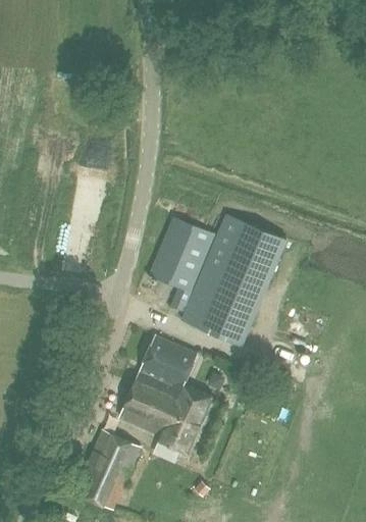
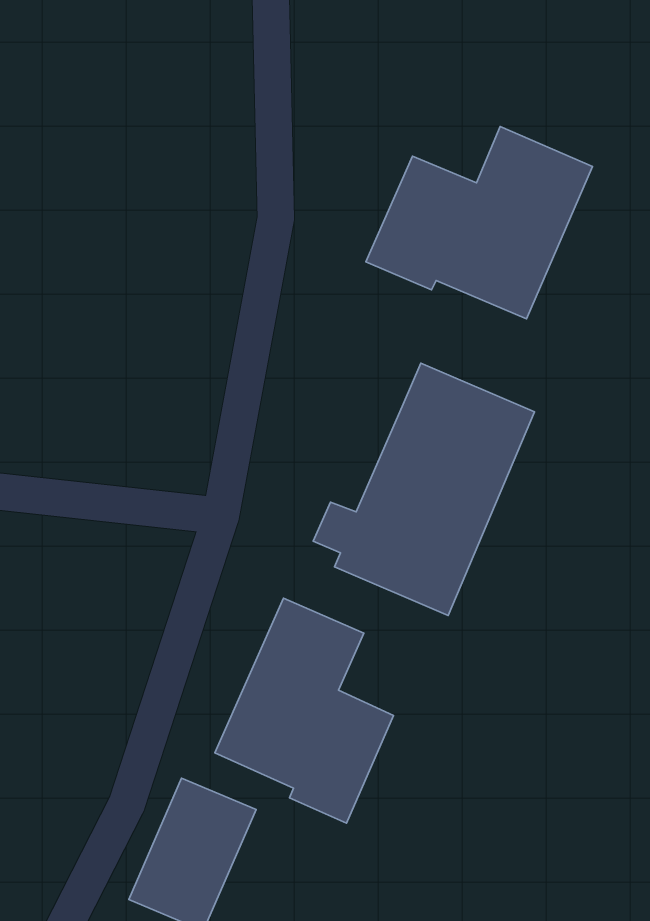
building: none -> [366,126,592,319]
building: [149,217,217,292] -> none

